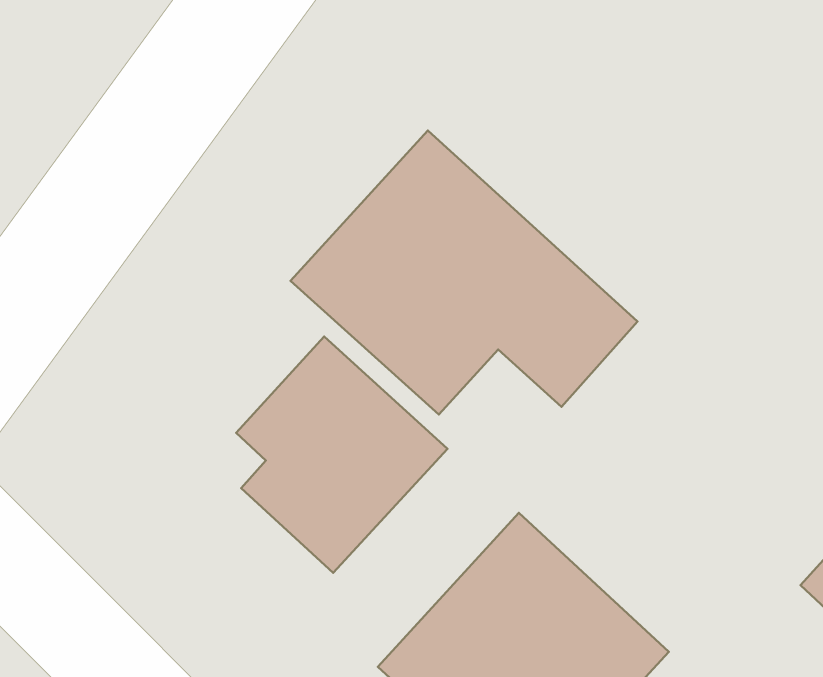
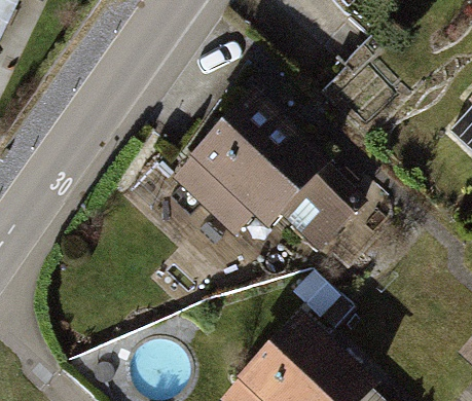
building: [236,336,447,573] -> none

